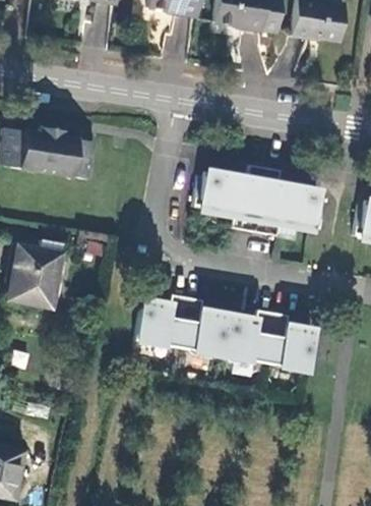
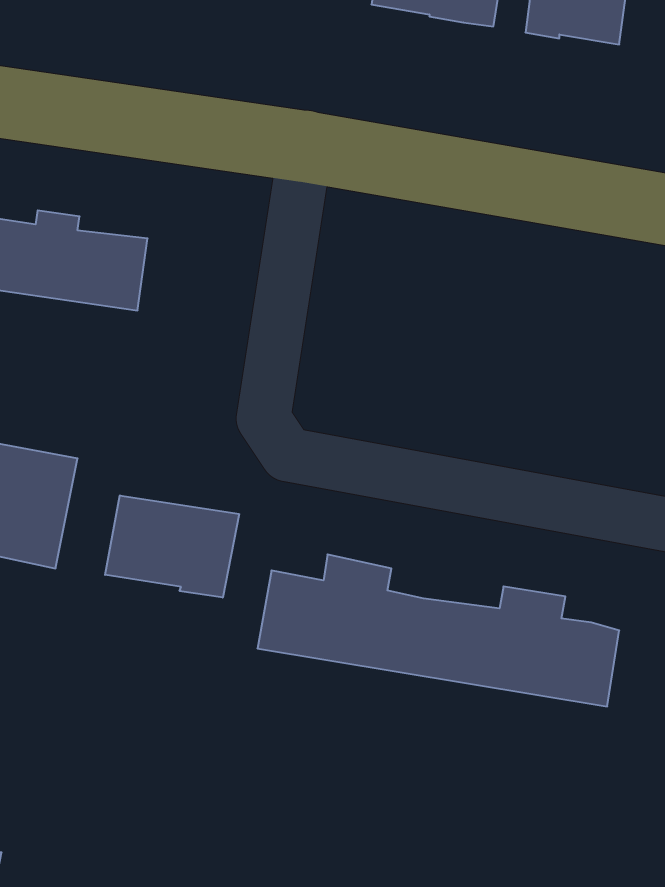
building: [218,165,338,236] -> none
building: none -> [105,495,239,598]

